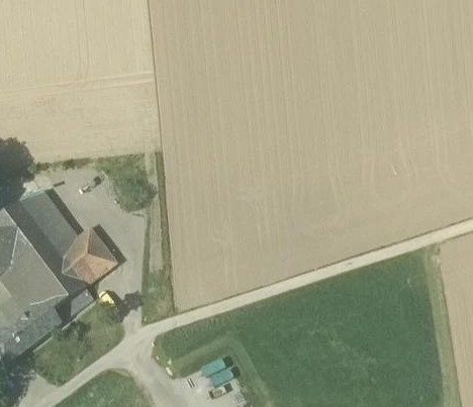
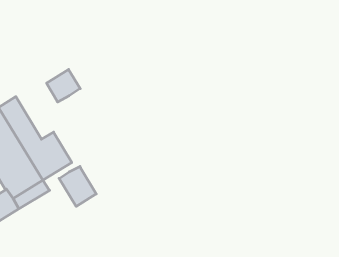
building: none -> [47,69,80,102]
building: none -> [59,166,96,206]

